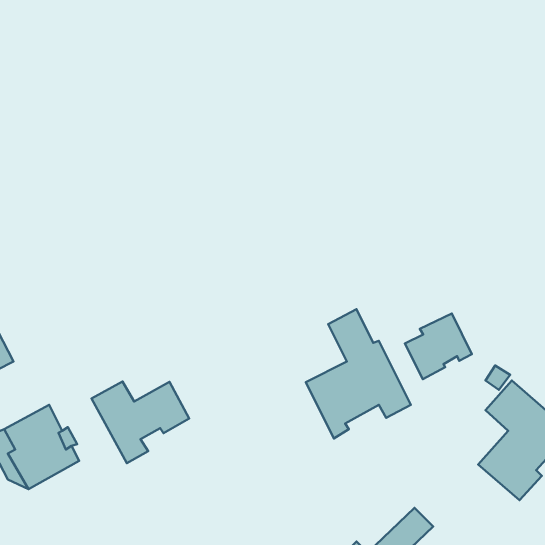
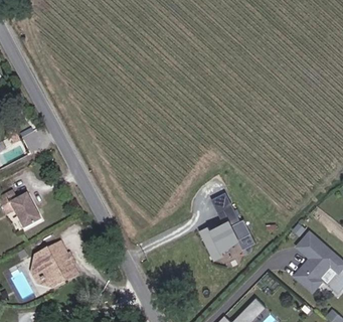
building: [405,314,472,379] -> none
building: [91,382,189,463] -> none

